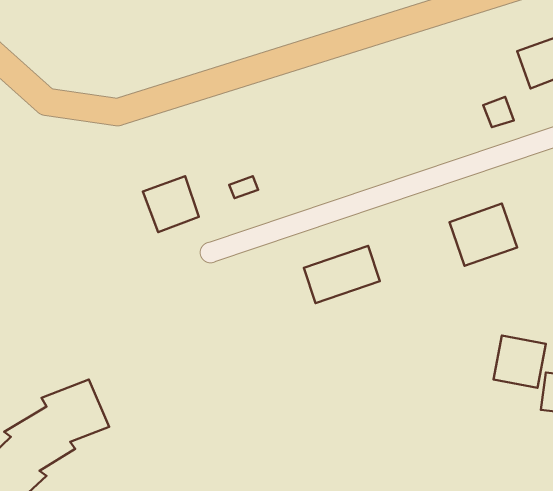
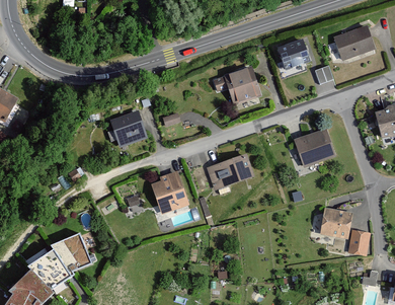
building: none -> [278,39,309,69]
building: none -> [213,66,259,103]
building: none -> [151,171,187,213]

